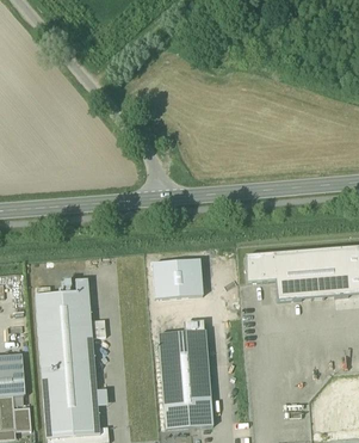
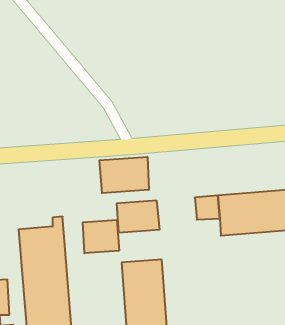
building: none -> [99,157,149,193]
building: none -> [83,220,119,253]

